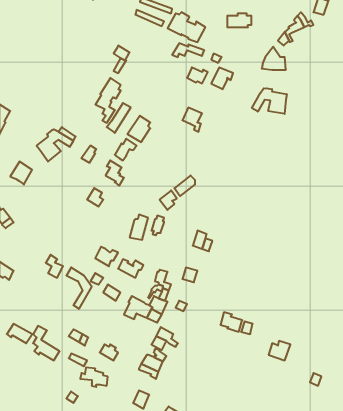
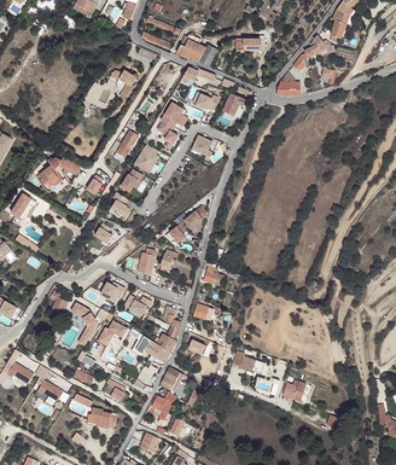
building: [95,78,121,123] -> [157,101,184,149]
building: [252,88,287,114] -> none

